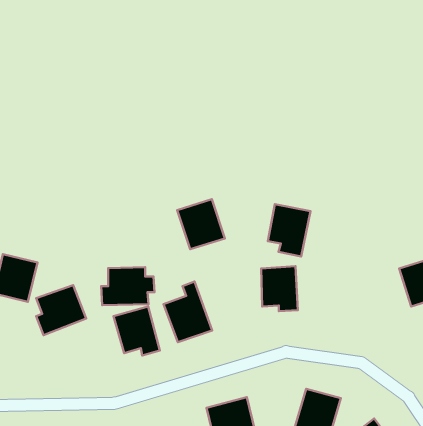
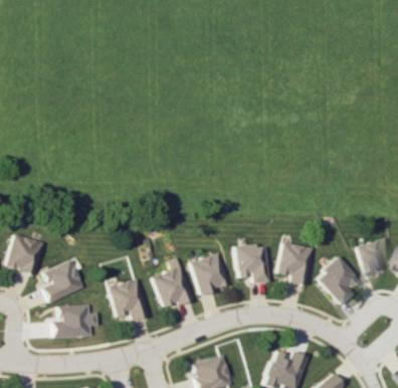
building: [177,199,225,249] -> [189,252,229,295]
building: [268,204,311,257] -> [274,242,311,286]
building: [101,267,155,305] -> [53,305,98,337]
building: none -> [312,256,356,306]

